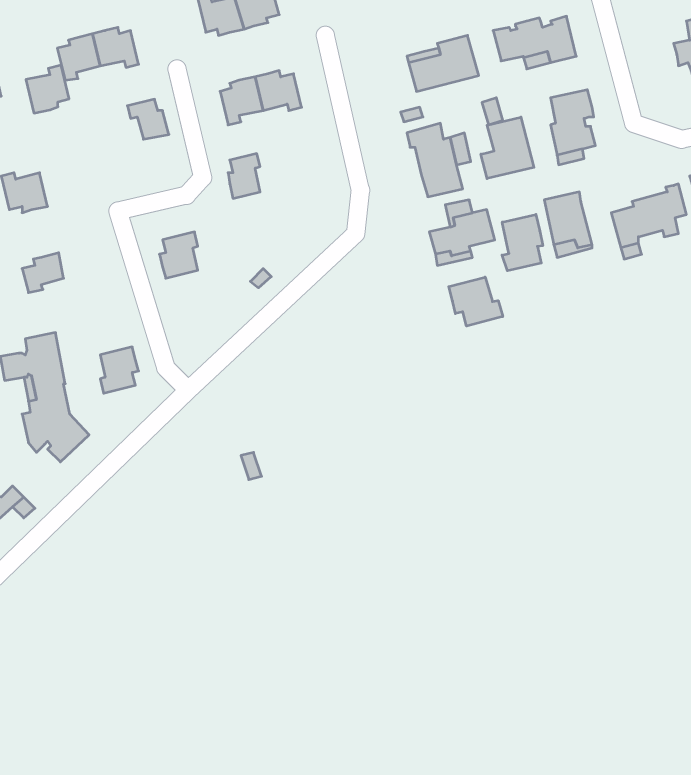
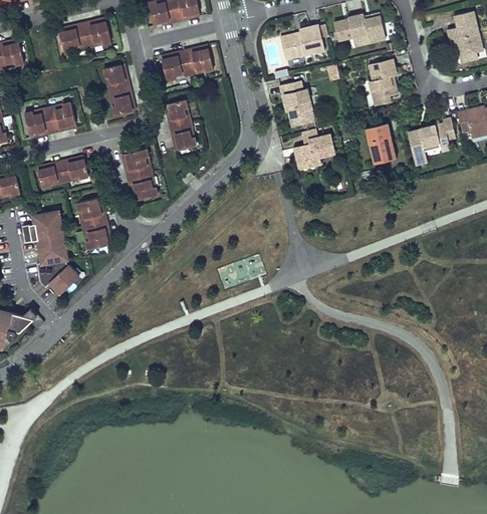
building: [26,65,69,113] -> [48,102,75,133]
building: [481,117,534,179] -> none
building: none -> [113,87,133,115]
building: none -> [170,123,196,150]
building: [502,214,543,271] -> none
building: none -> [60,159,87,178]
building: none -> [128,173,158,201]
building: [449,277,503,326] -> none
building: none -> [76,198,106,226]

